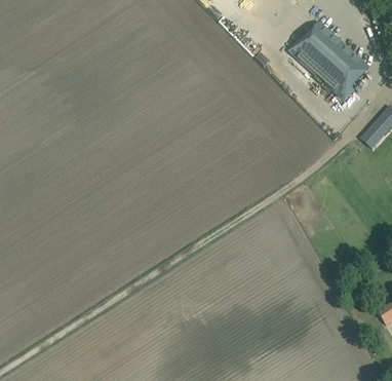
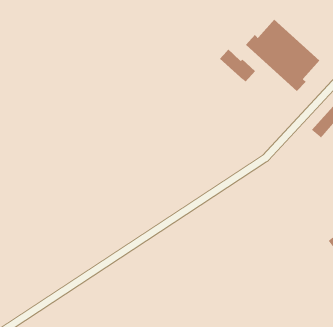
building: none -> [219,49,256,82]

